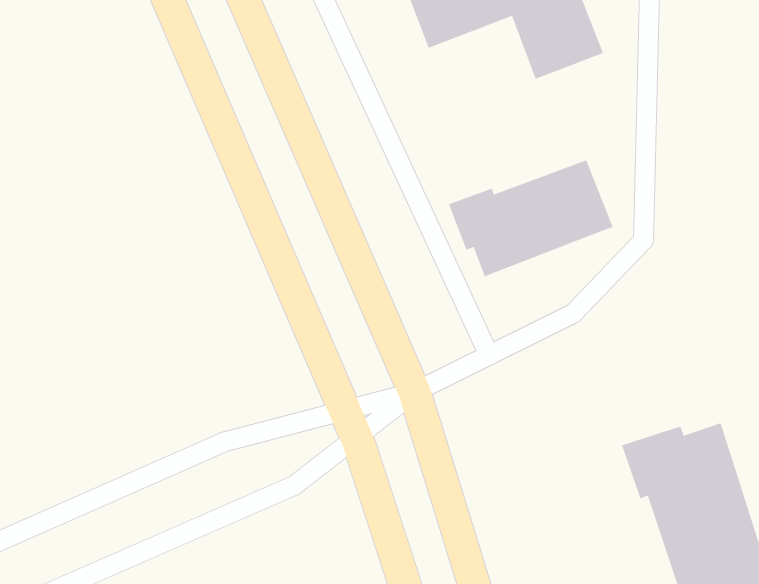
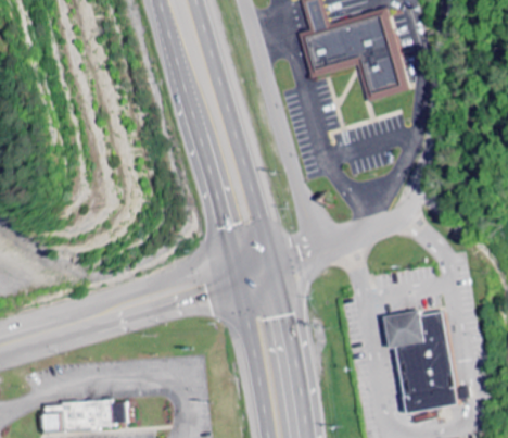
building: [448,160,614,277] -> none

